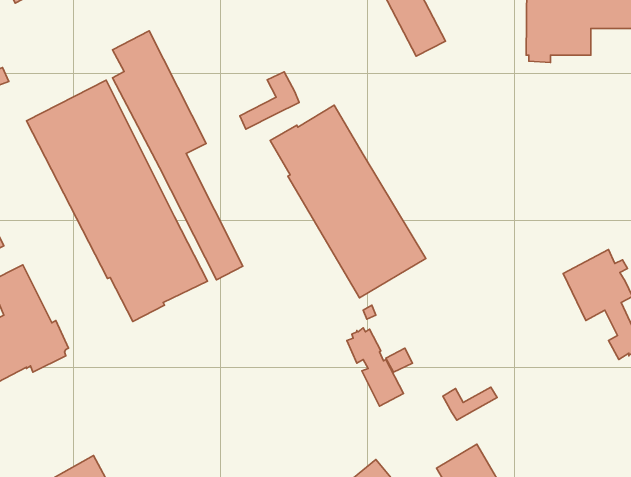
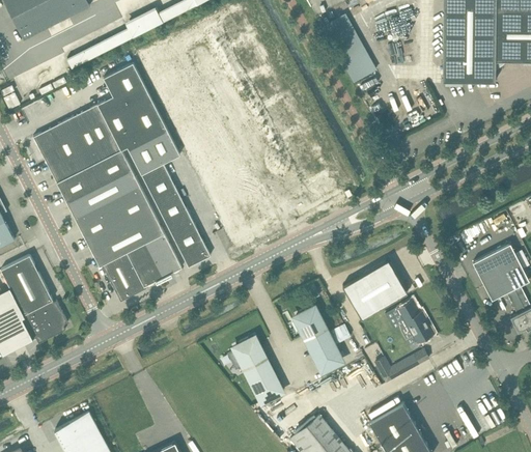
building: [240,72,299,129] -> none
building: [270,105,426,298] -> none
building: none -> [342,260,408,319]
building: none -> [399,302,432,341]
building: none -> [235,338,282,401]

